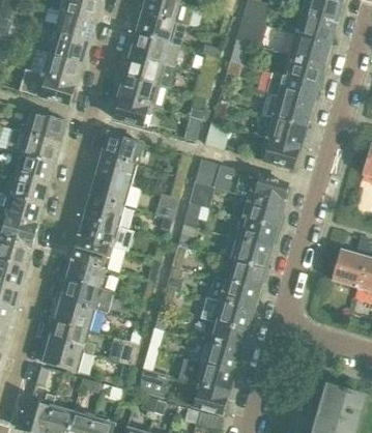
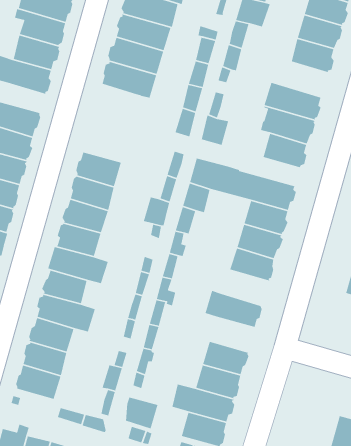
building: [266,71,318,106] -> none
building: [112,94,152,125] -> none
building: [102,132,142,163] -> none
building: [224,257,266,288] -> none
building: [212,298,253,329] -> none

